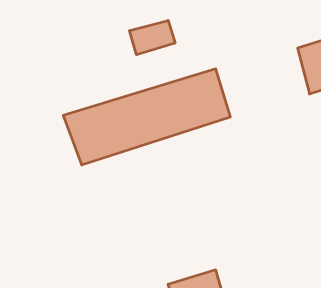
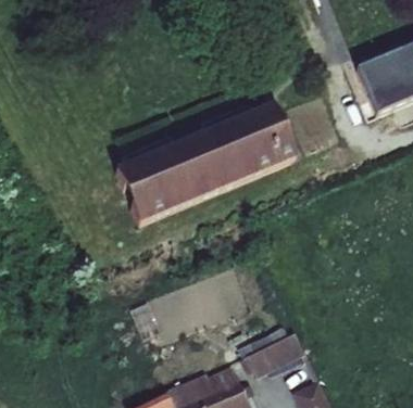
building: [129,20,175,55] -> none

